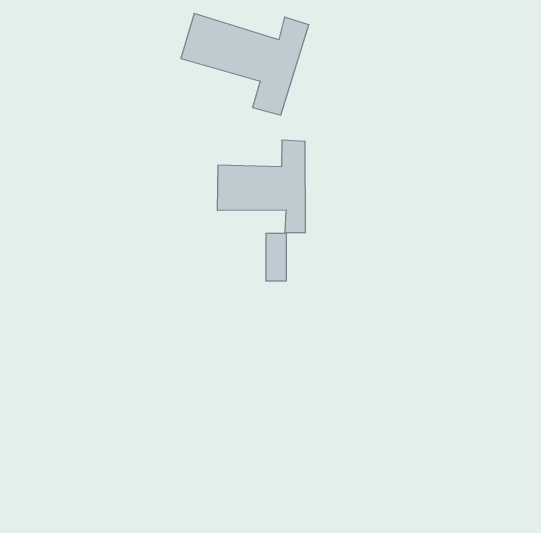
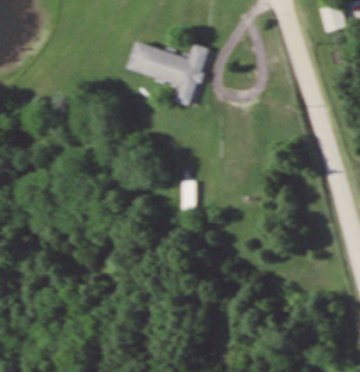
building: [218,140,305,233] -> none

